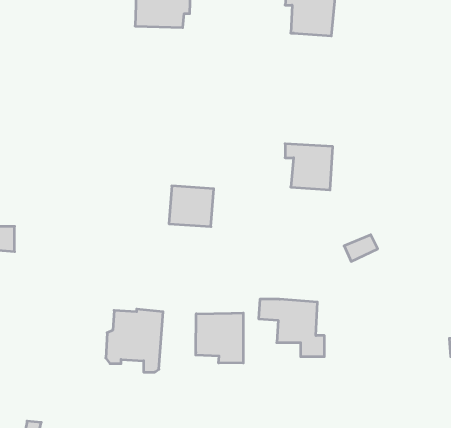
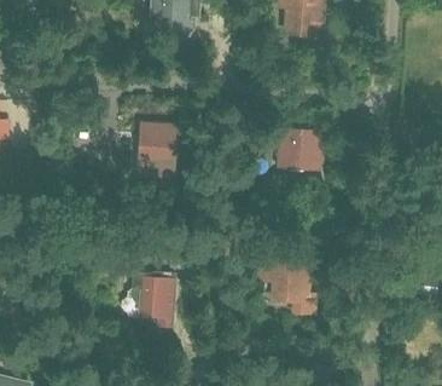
building: [169,186,214,227] -> [136,123,175,159]
building: [196,313,243,363] -> none

